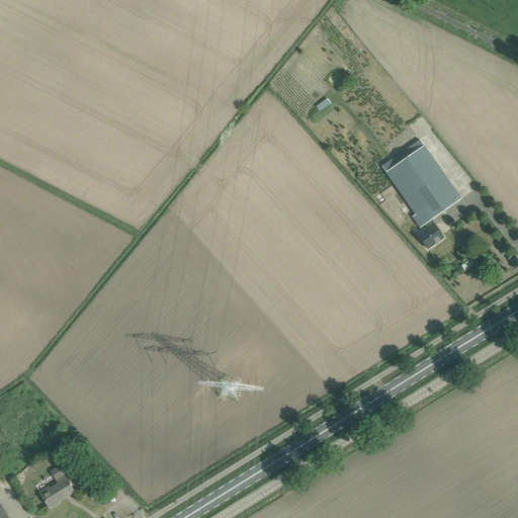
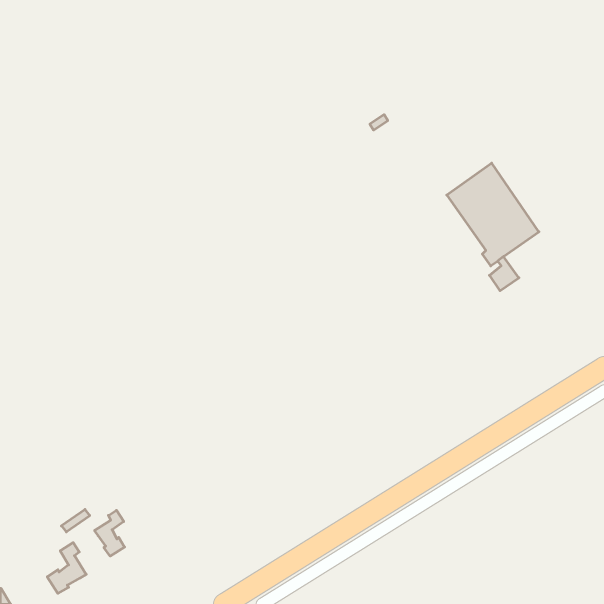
building: none -> [95,510,125,556]

